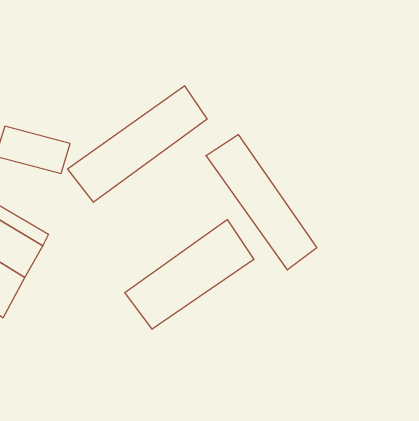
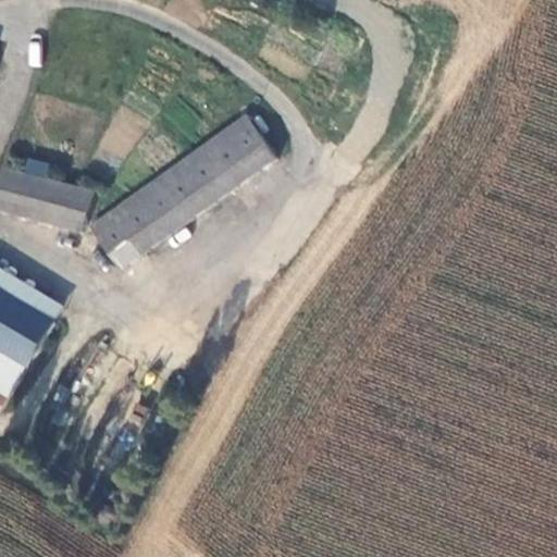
building: [206,135,317,270] -> none
building: [125,220,254,329] -> none

